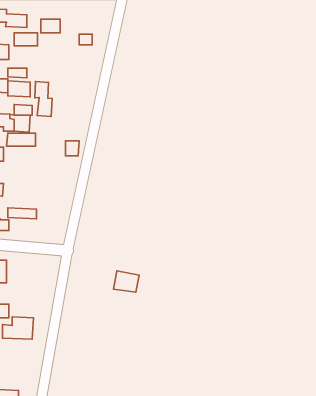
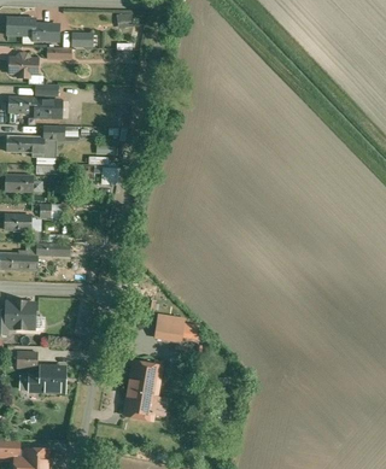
building: [35,82,52,117] -> none
building: none -> [122,360,159,421]

